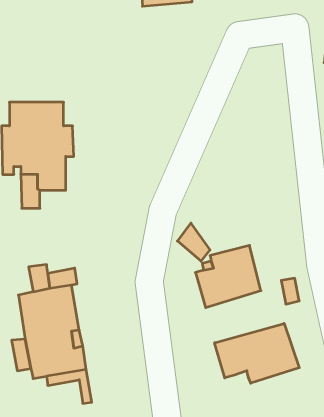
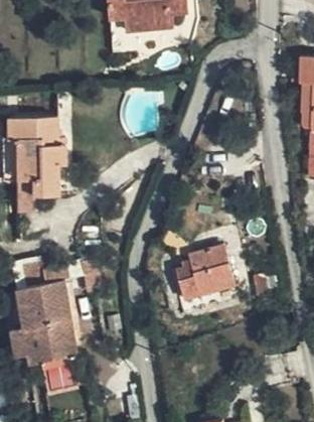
building: [215,323,299,383] -> none

